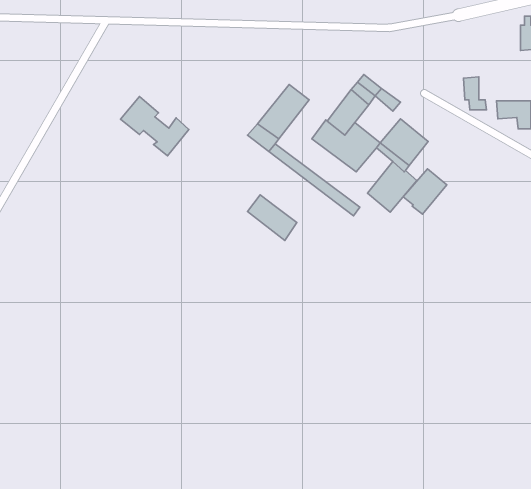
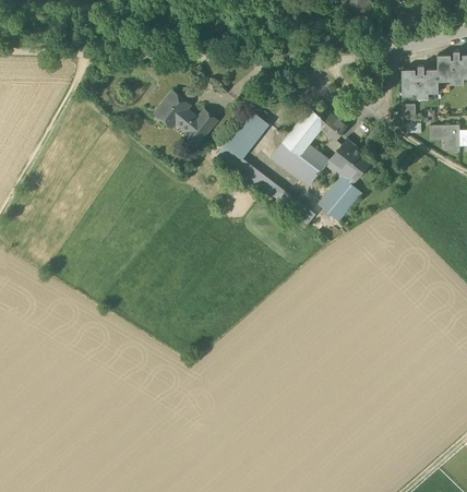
building: none -> [402,56,451,96]
building: [121,96,189,156] -> [157,92,216,143]
building: [403,169,447,214] -> none
building: [248,195,297,240] -> none

